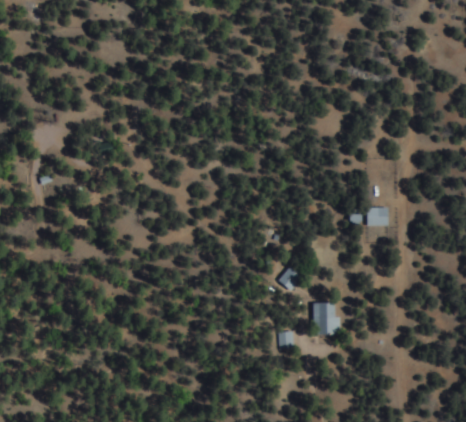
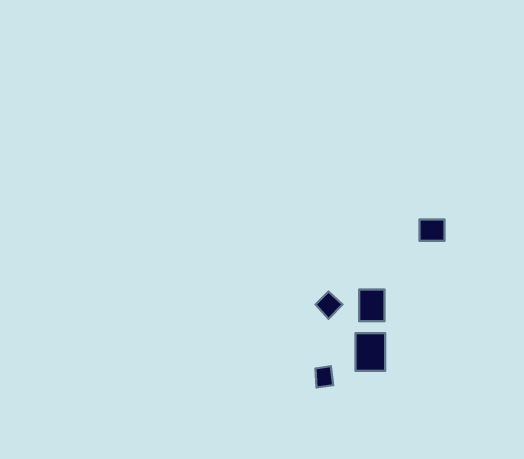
building: none -> [359,289,385,321]

